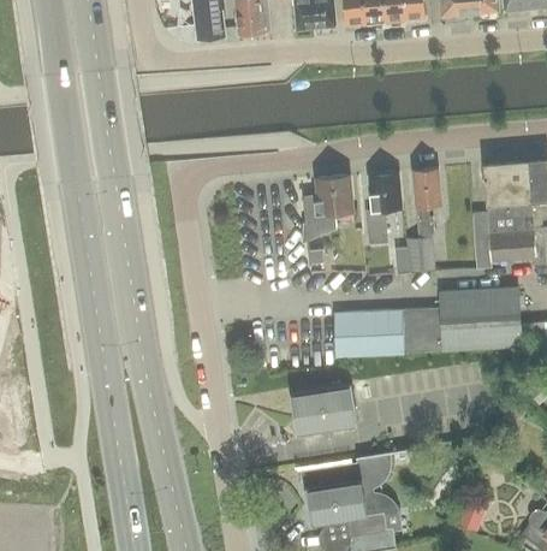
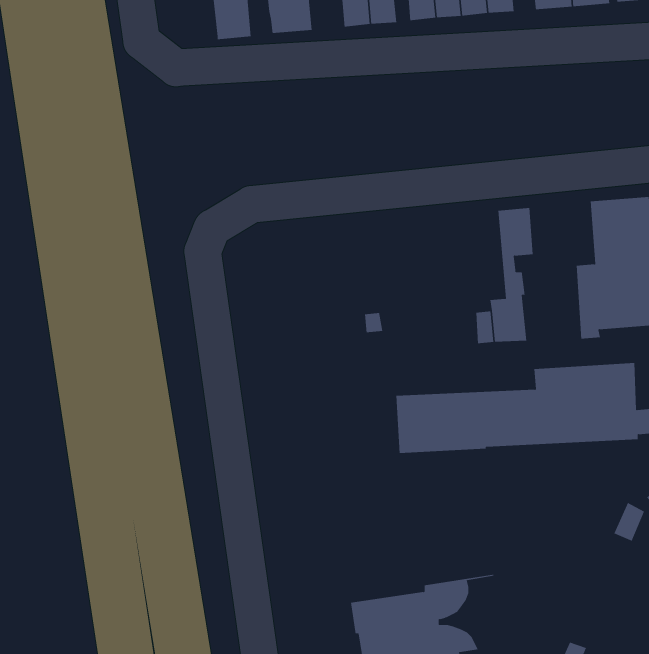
building: [367,172,404,244] -> none
building: [303,176,355,244] -> none
building: [291,384,358,439] -> none

